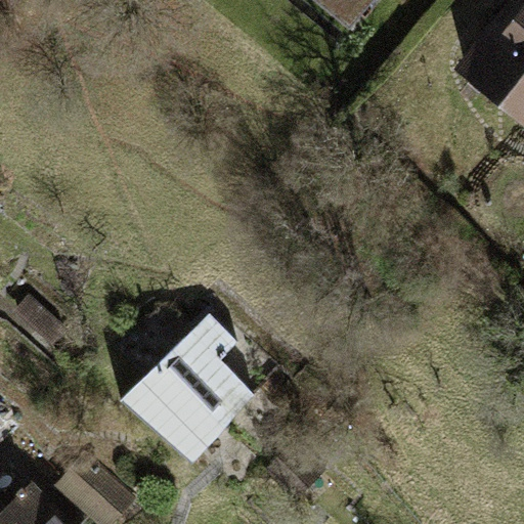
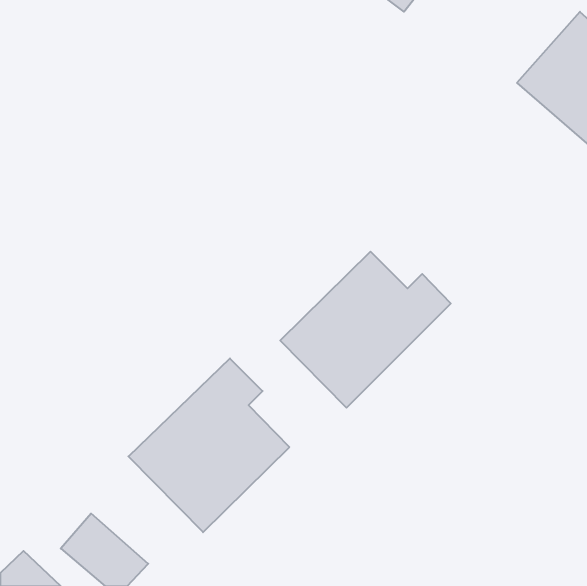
building: none -> [280,252,451,408]

